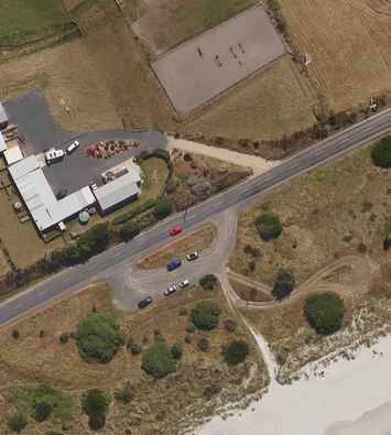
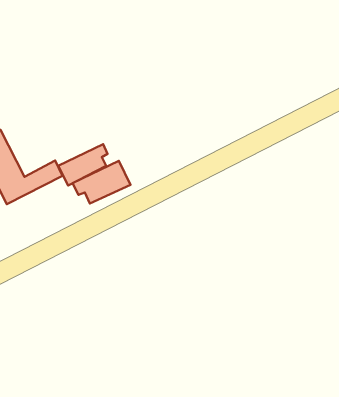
building: none -> [72,161,130,203]

